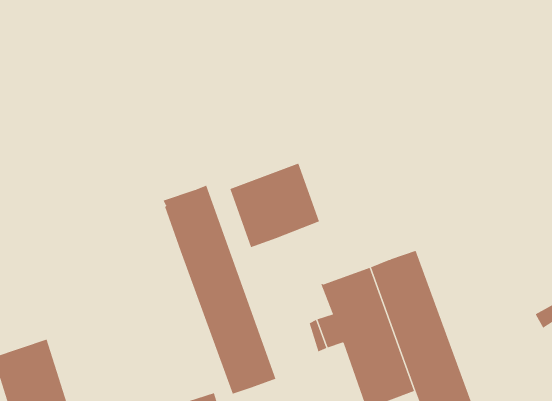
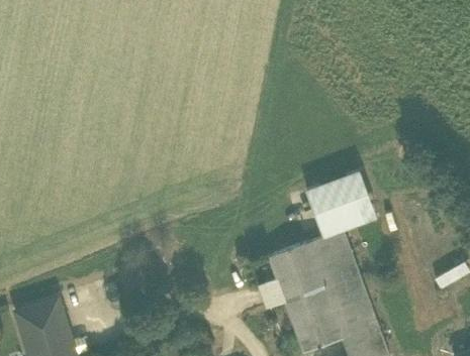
building: [229,163,320,248] -> [306,170,376,236]
building: [163,185,276,394] -> none

